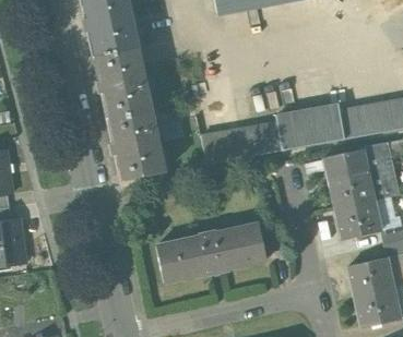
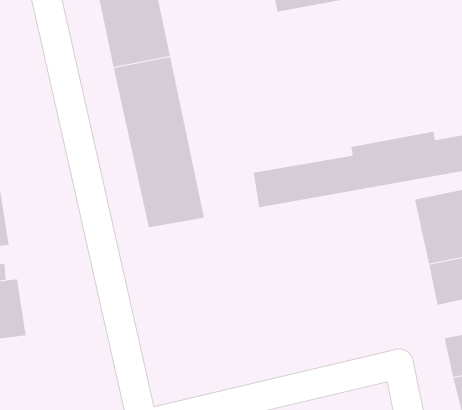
building: [156,222,266,280] -> none

